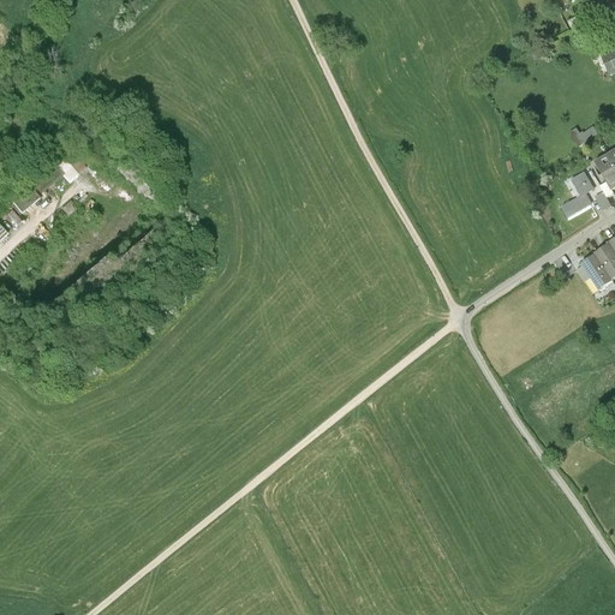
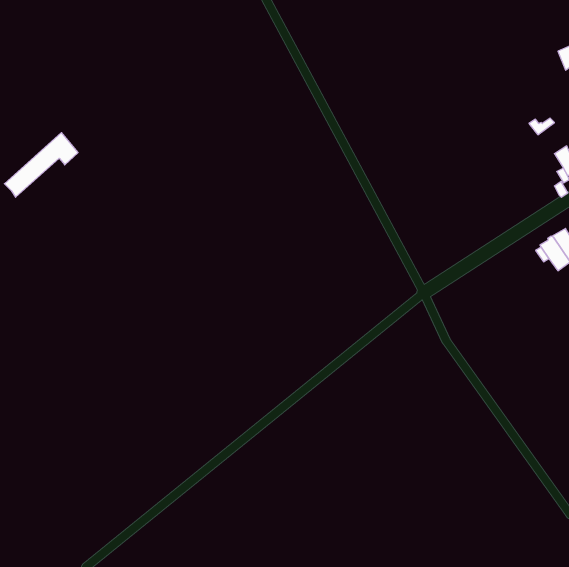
building: [563,172,595,216] -> none

